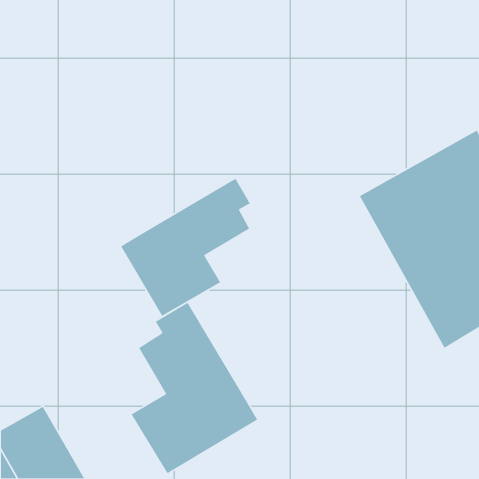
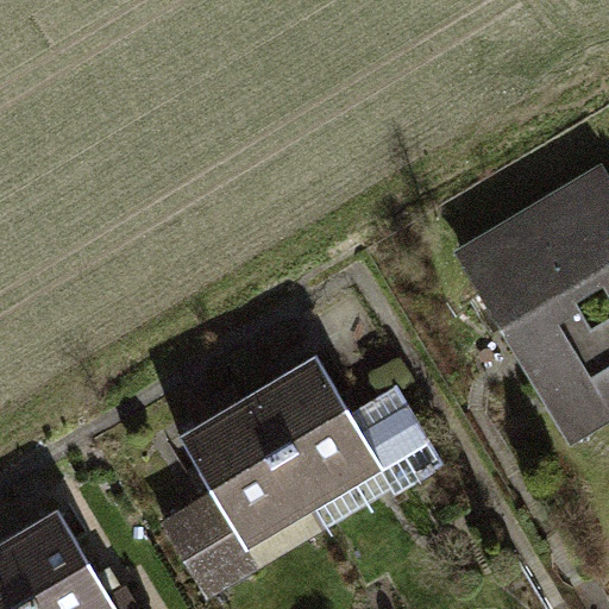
building: [120,178,251,317] -> none
building: none -> [246,357,428,510]

